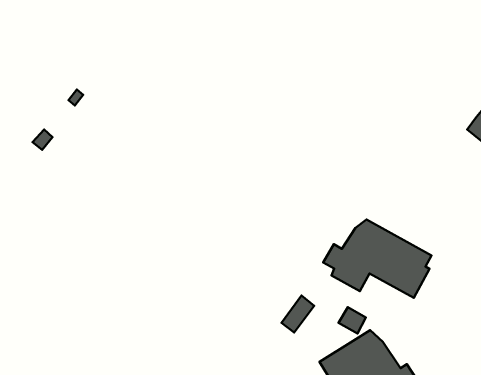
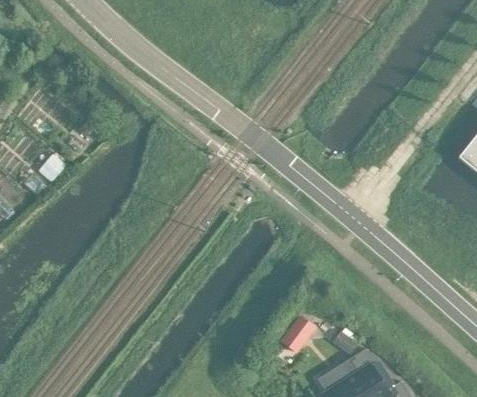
building: [323,219,431,298] -> none

